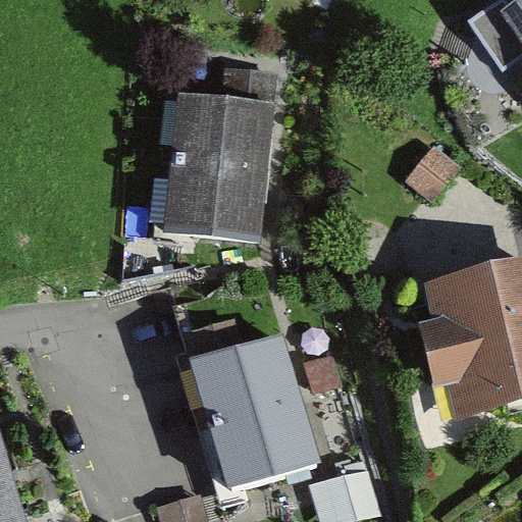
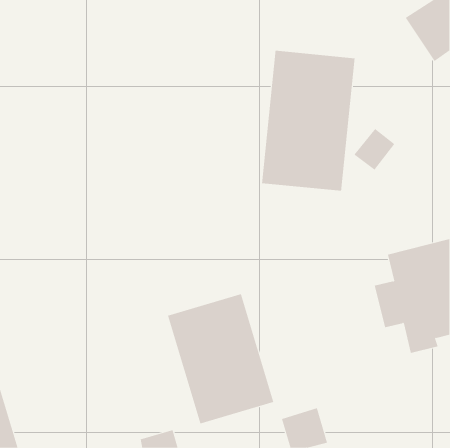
building: none -> [262,50,355,192]
building: [167,71,274,238] -> none

